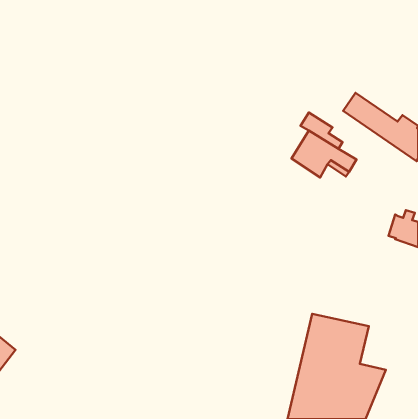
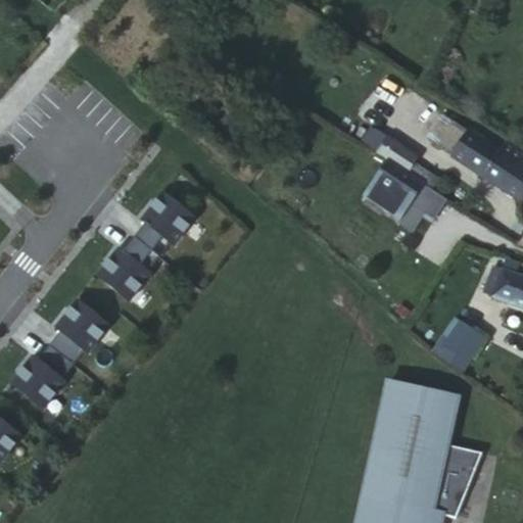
building: none -> [96,192,193,300]
building: none -> [10,300,107,409]
building: none -> [443,323,482,362]

